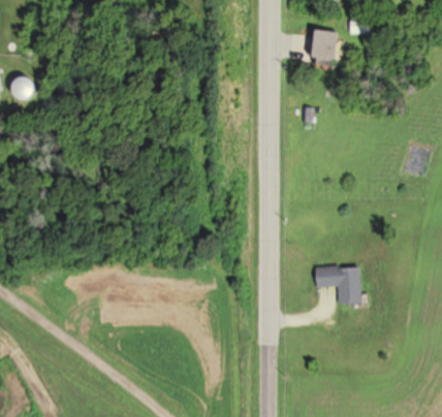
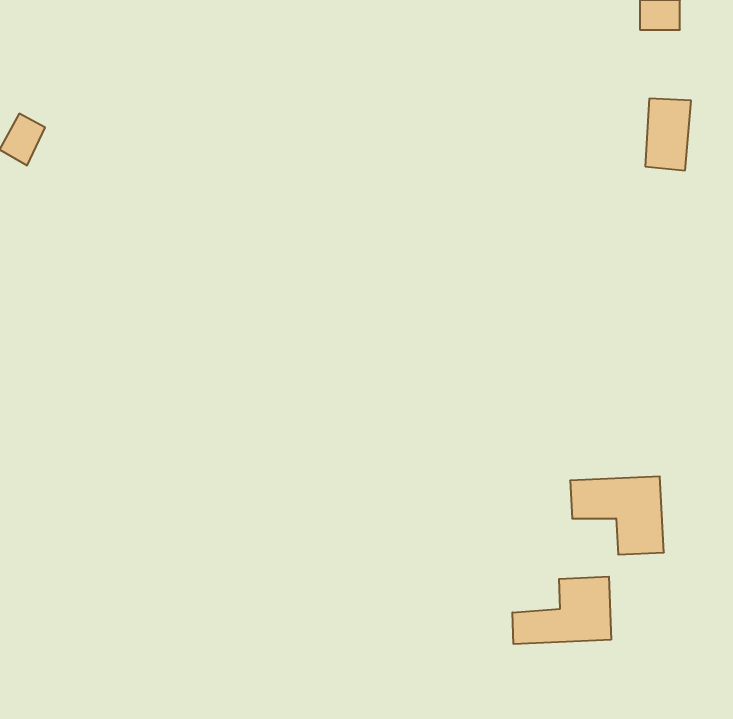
building: [315,32,339,69] -> [645,99,691,170]
building: none -> [512,577,611,644]

